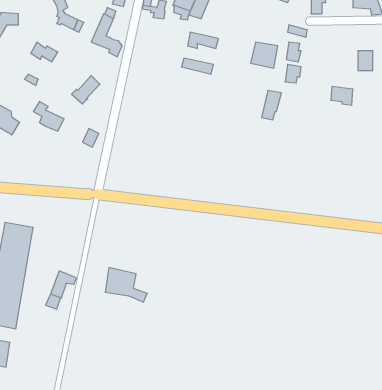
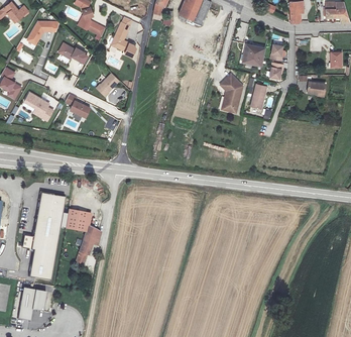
building: none -> [220,74,243,112]
building: [105,268,147,302] -> [67,208,101,236]

